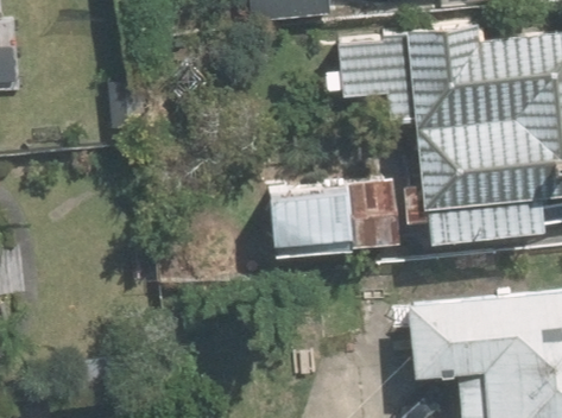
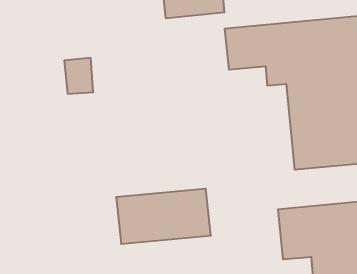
building: [267,183,403,261] -> [116,189,211,244]

